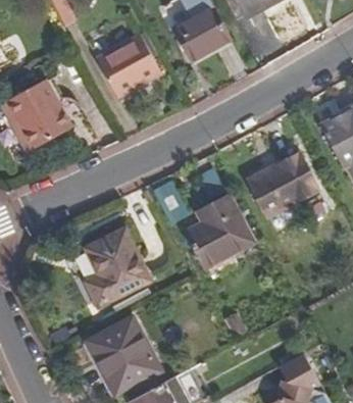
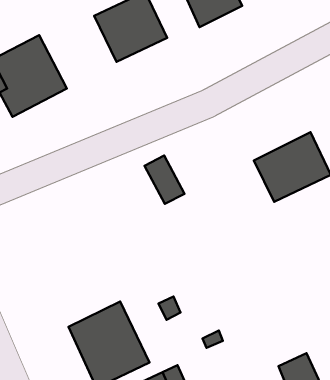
building: [185,196,254,268] -> none
building: [85,230,150,306] -> none

